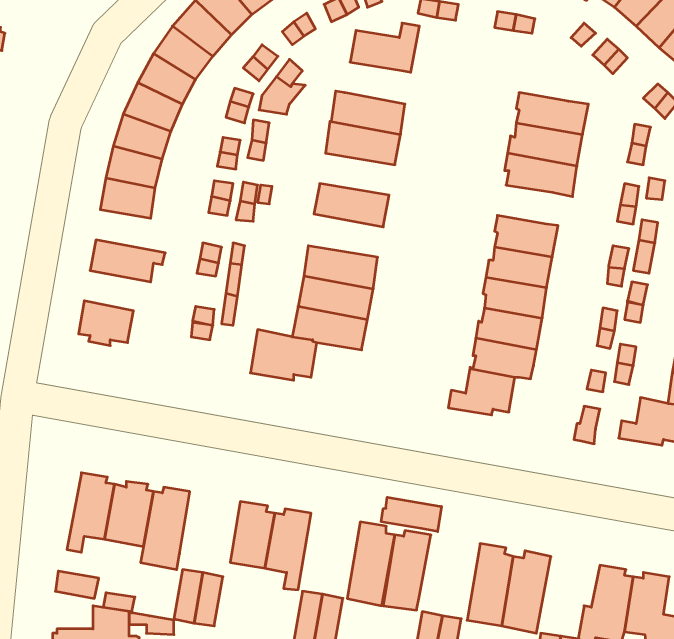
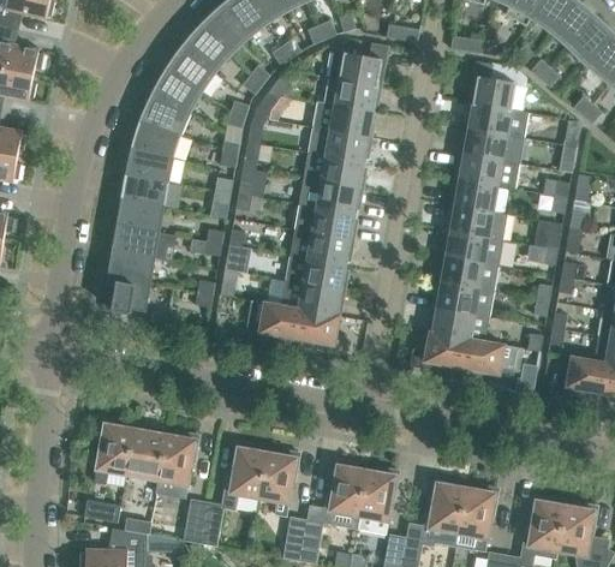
building: none -> [470,62,515,109]
building: none -> [324,77,380,112]
building: none -> [304,153,366,187]
building: none -> [452,179,497,211]
building: none -> [118,199,163,232]
building: none -> [294,203,357,239]
building: none -> [108,250,154,284]
building: none -> [297,310,347,352]
building: none -> [461,339,521,382]
building: [381,497,441,532] -> none

